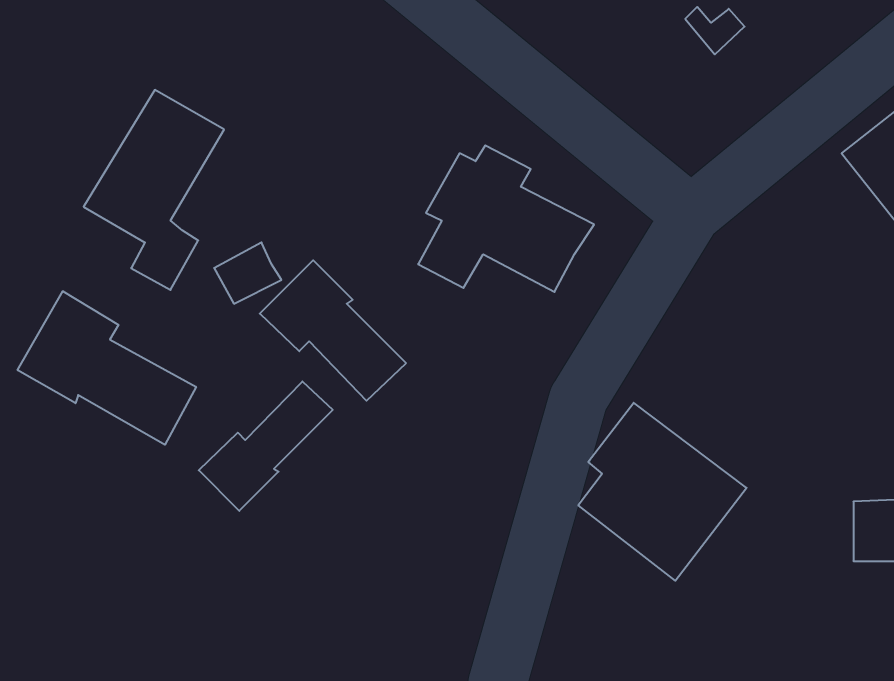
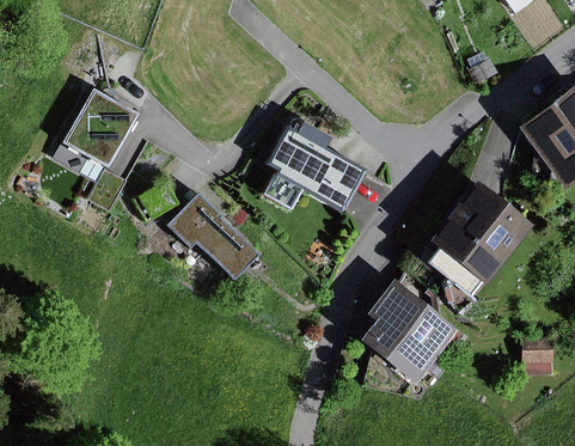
building: none -> [429,179,534,294]
building: [18,291,196,445] -> none
building: [199,381,333,511] -> none

